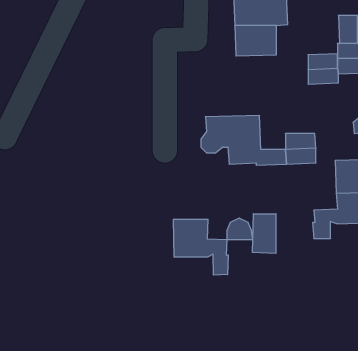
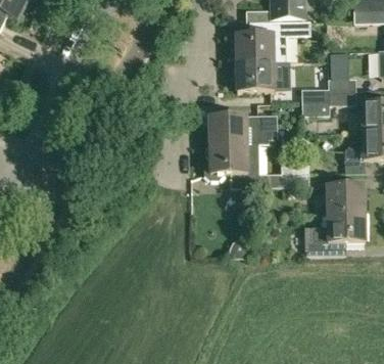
building: none -> [209,115,258,145]
building: [252,214,276,253] -> none
building: [173,219,228,275] -> none

